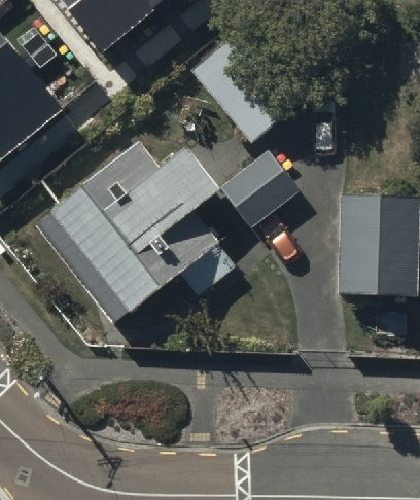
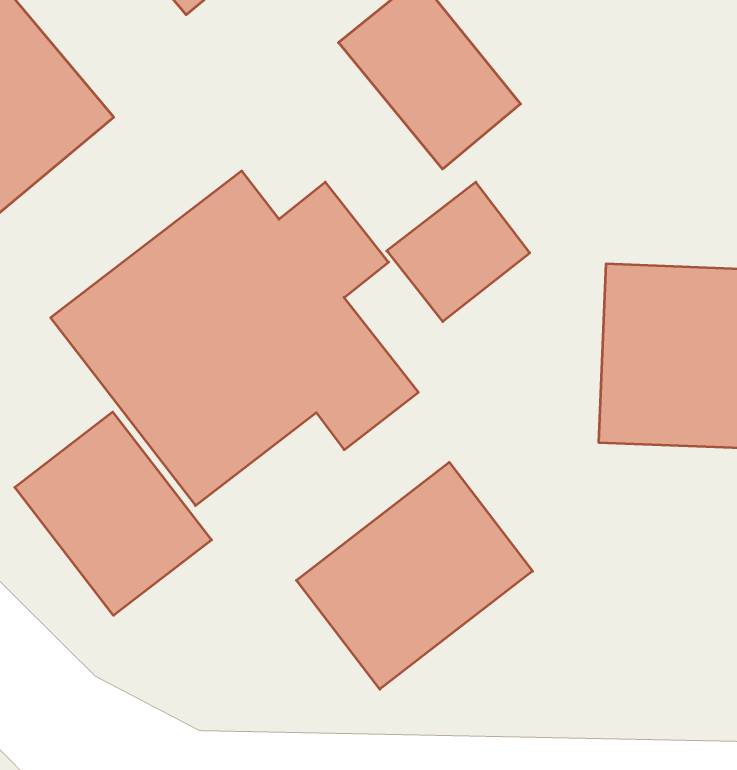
building: none -> [15,412,212,615]
building: none -> [296,462,533,689]

